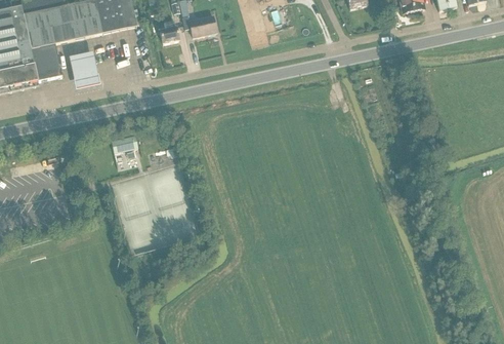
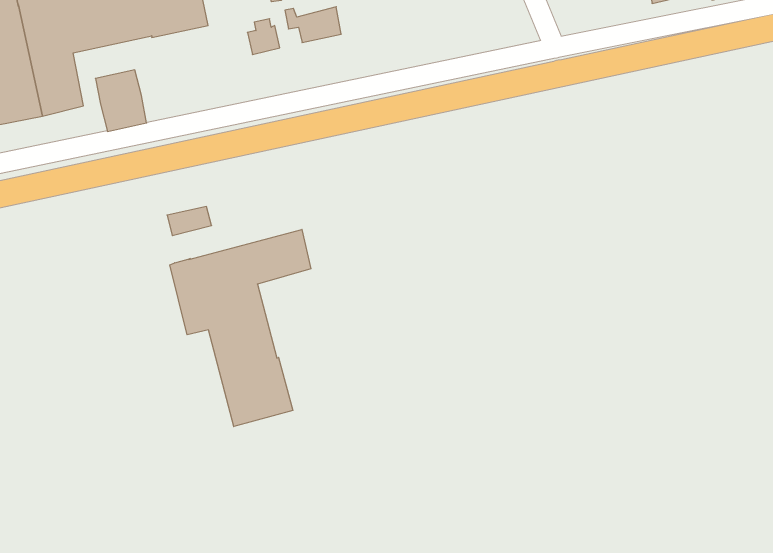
building: none -> [170,229,311,427]

